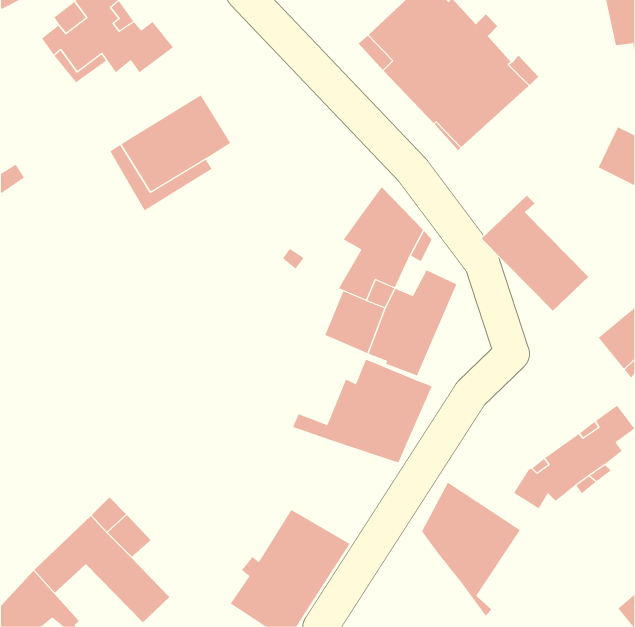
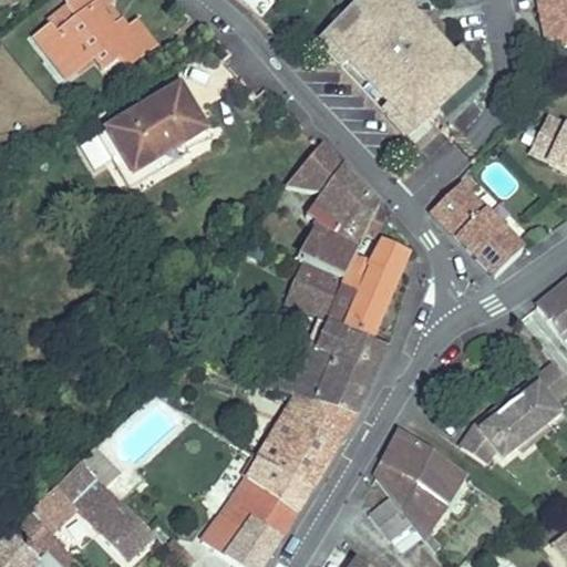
building: none -> [285,144,340,192]
building: none -> [259,393,355,485]
building: none -> [368,494,411,538]

